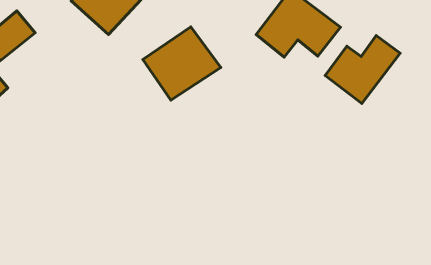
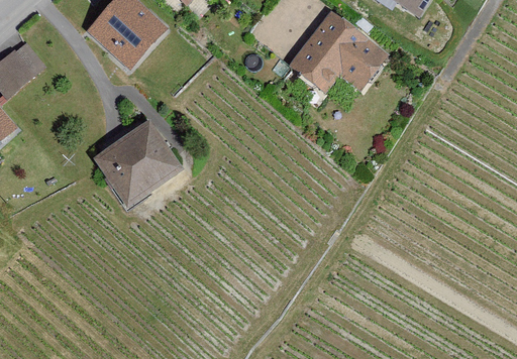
building: [143,27,221,100] -> [92,121,179,203]
building: [325,35,400,103] -> none

